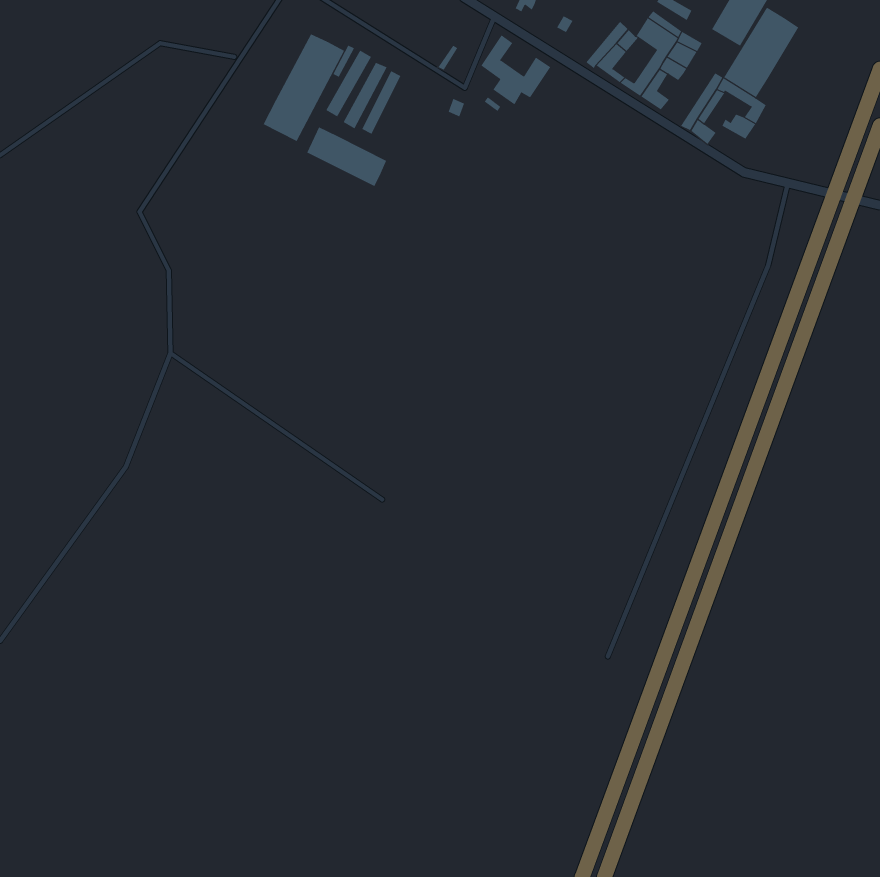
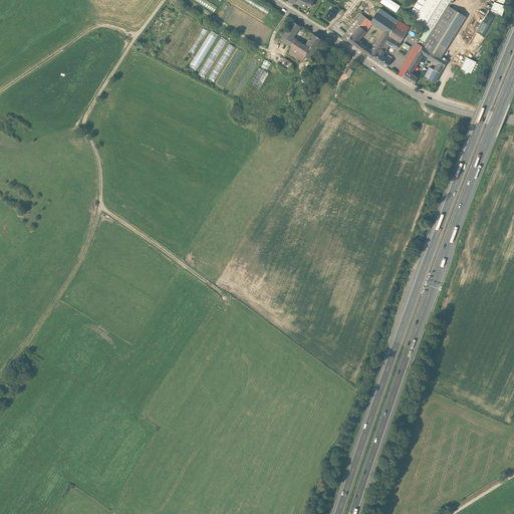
building: [263,34,345,142] -> none
building: [306,126,387,187] -> none

